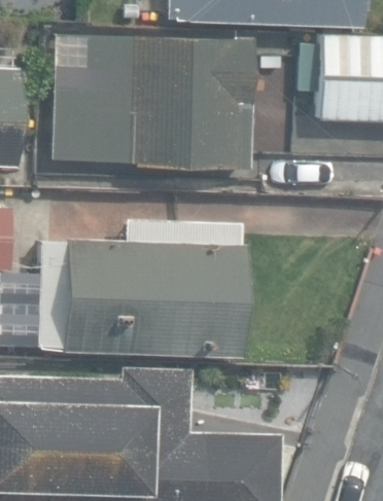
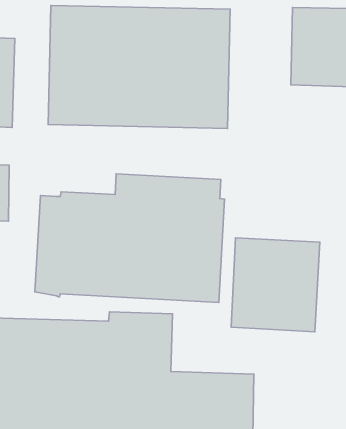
building: none -> [231,238,320,332]

